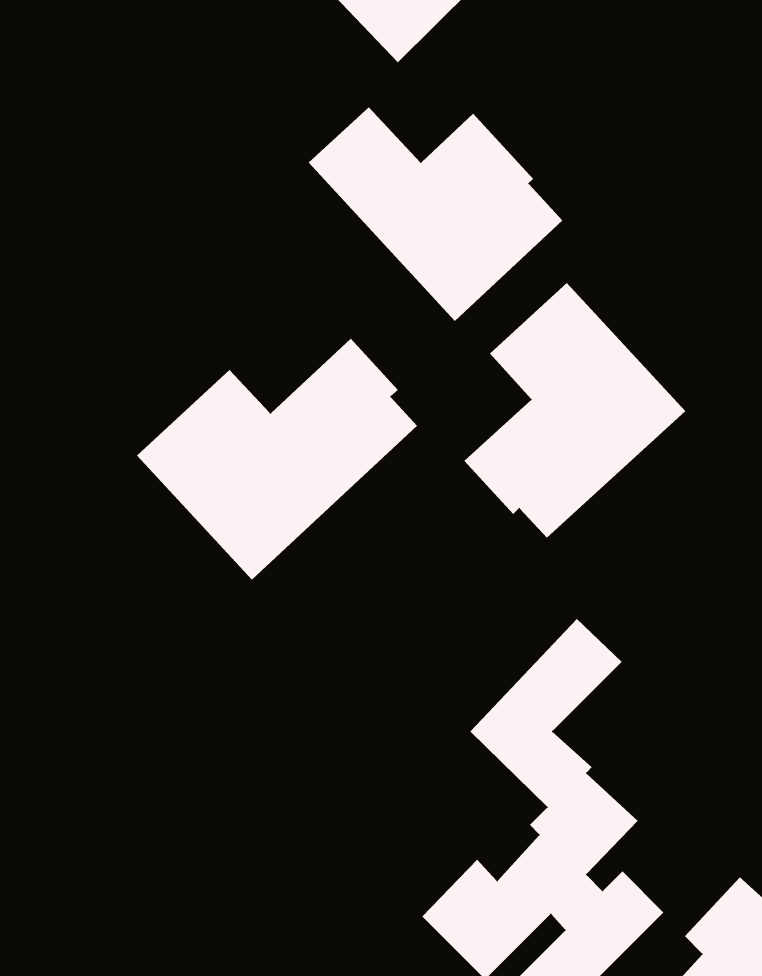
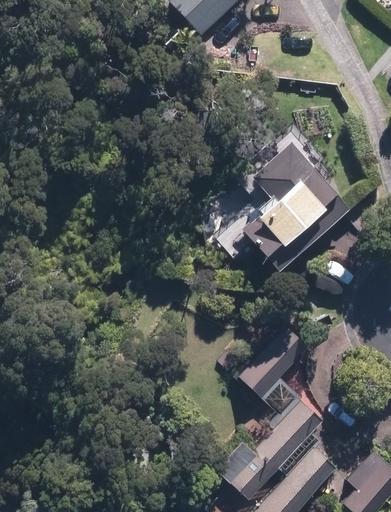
building: [308,106,563,322] -> none
building: [136,338,418,580] -> none

